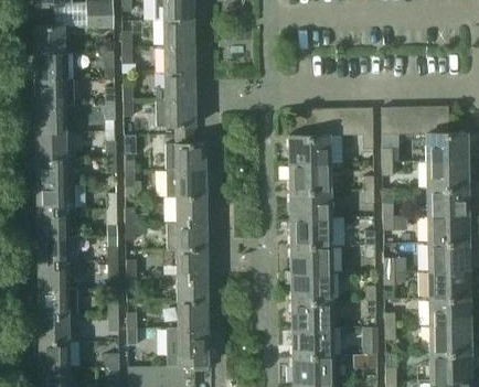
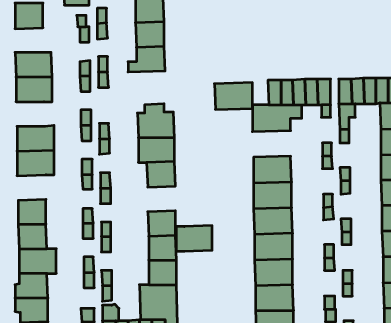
building: [34,53,73,79] -> none
building: [156,99,195,136] -> none
building: [35,132,66,159] -> none
building: [289,163,330,192] -> [214,83,252,109]
building: [36,211,67,238] -> none
building: [168,223,206,250] -> [176,226,212,251]

